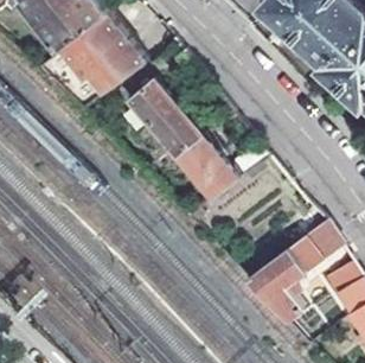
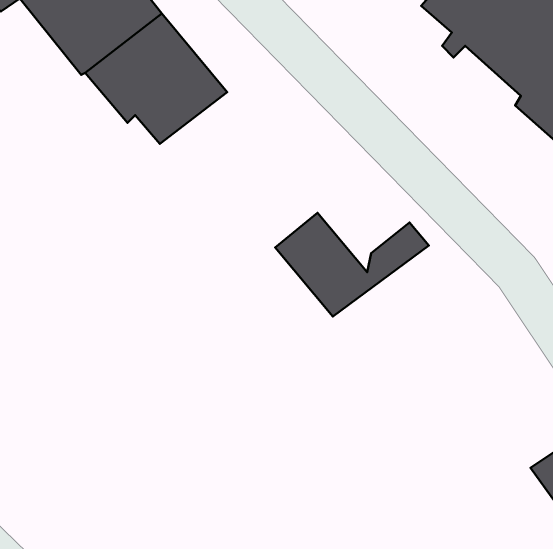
building: [127,79,200,159] -> none
building: [246,222,340,320] -> none

